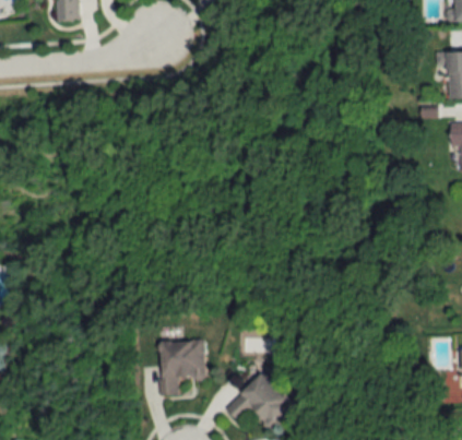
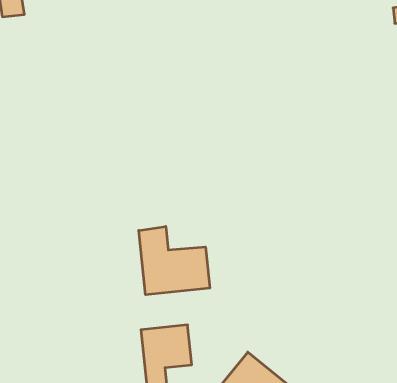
building: none -> [139,226,210,295]

